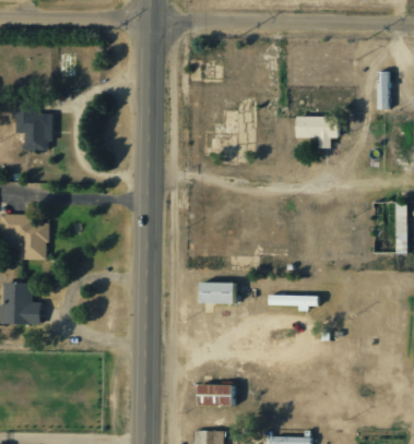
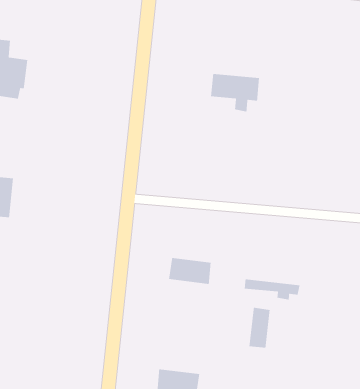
building: [296,116,340,148] -> [210,73,260,112]
building: none -> [248,307,271,348]

